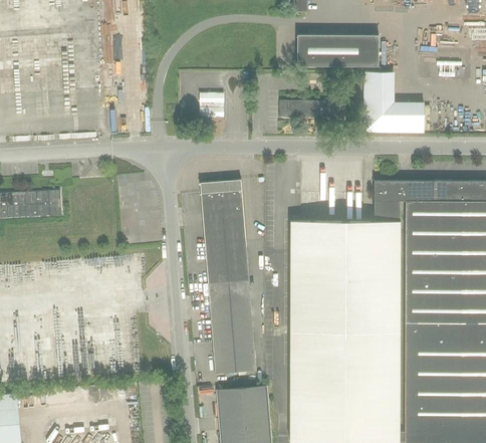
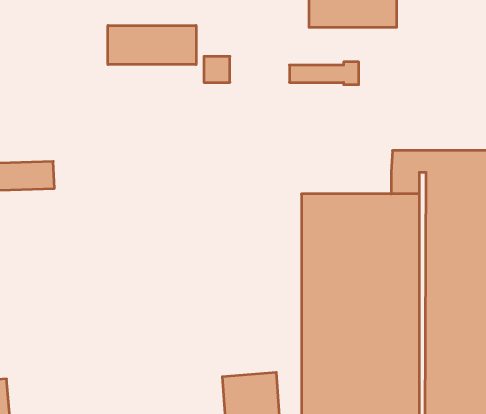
building: none -> [108,25,196,65]
building: [363,72,425,133] -> none
building: [200,180,256,374] -> none

